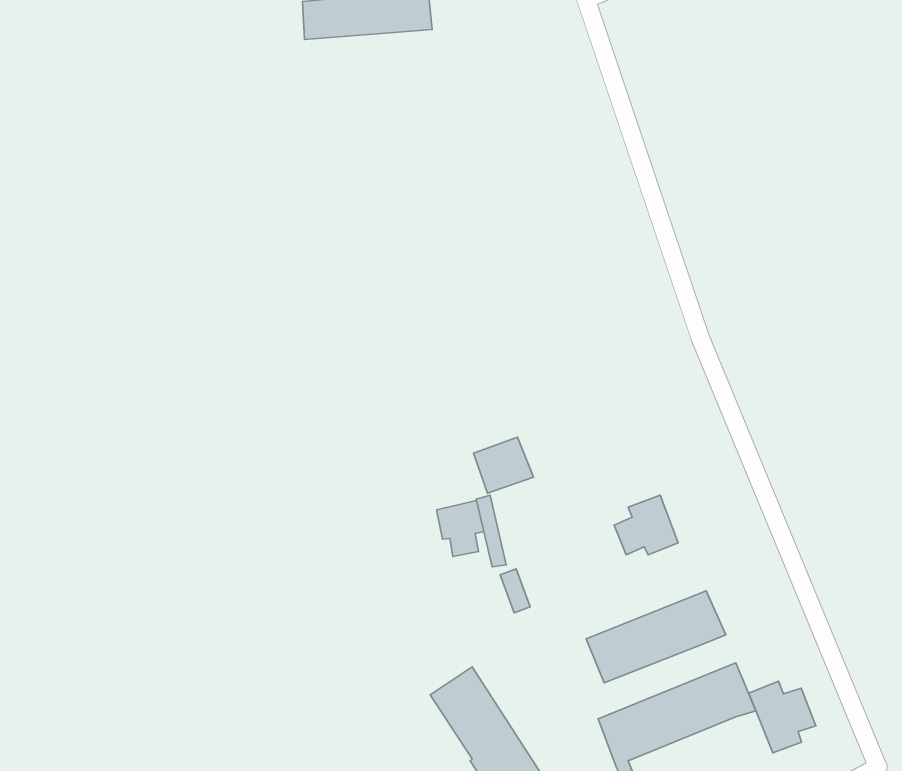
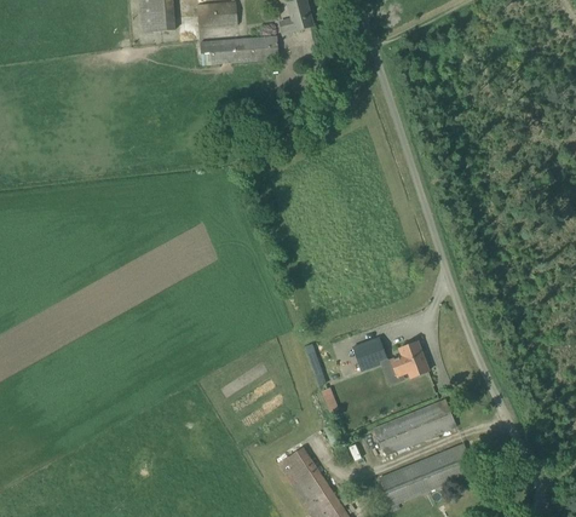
building: [473,437,533,493] -> [351,335,387,369]
building: [436,501,484,557] -> none
building: [749,681,816,753] -> none

